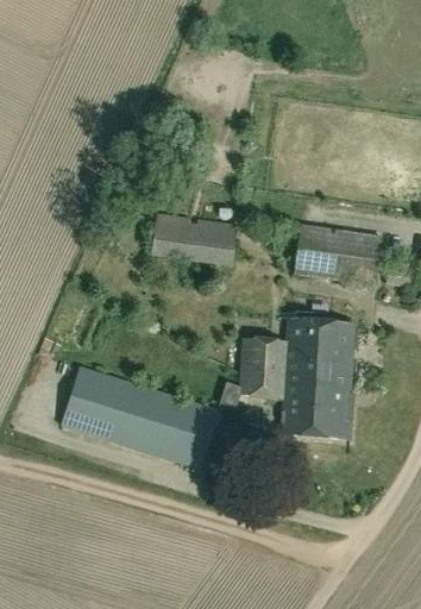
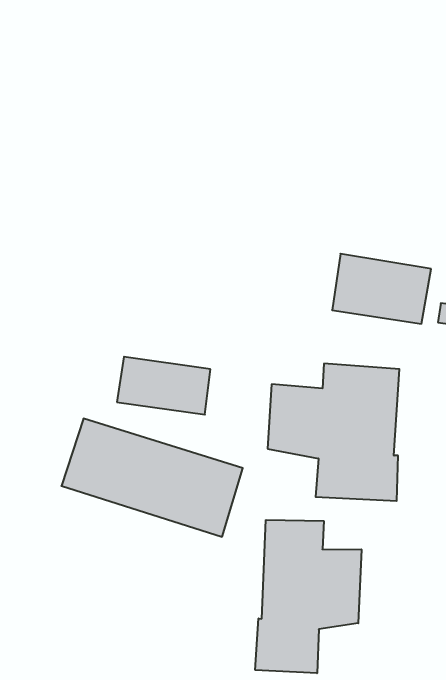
building: [153,213,234,263] -> [117,357,210,415]
building: none -> [255,520,361,673]

